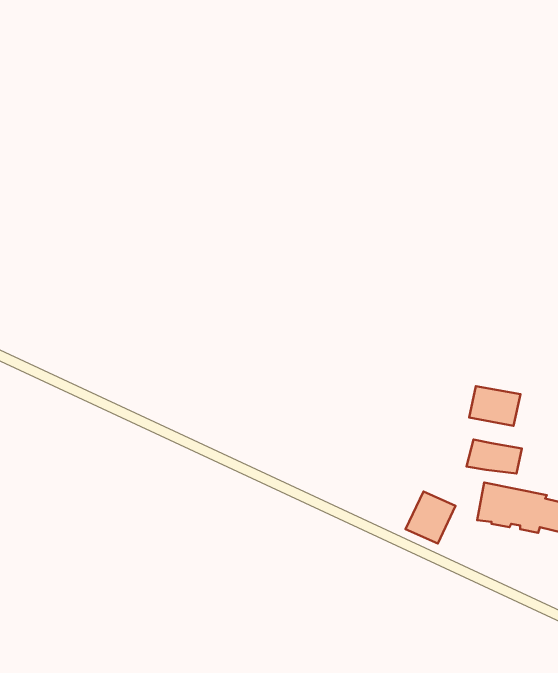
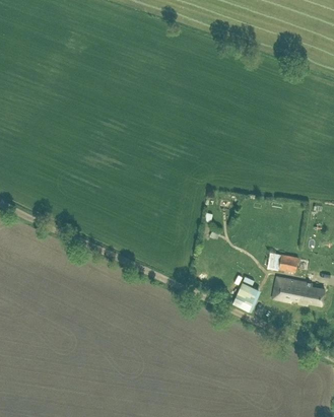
building: [469,386,520,426] -> none

